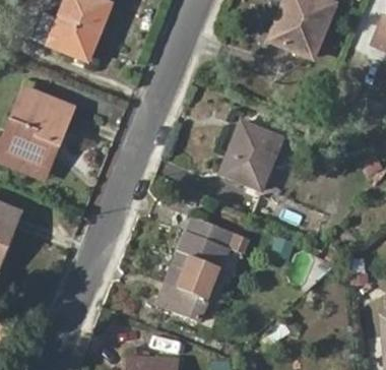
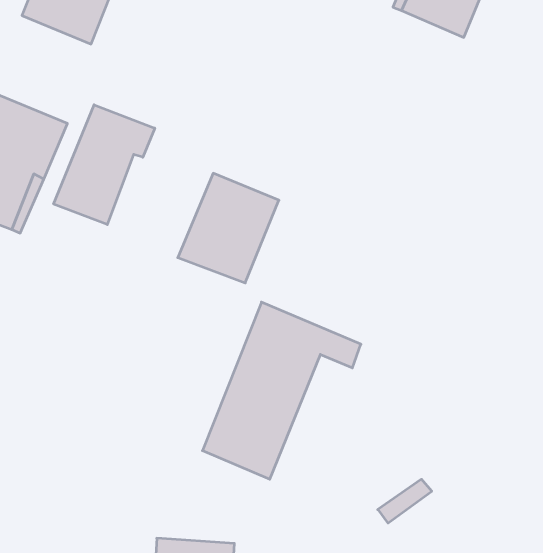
building: none -> [54,105,155,225]
building: [220,121,281,187] -> [178,173,279,283]

